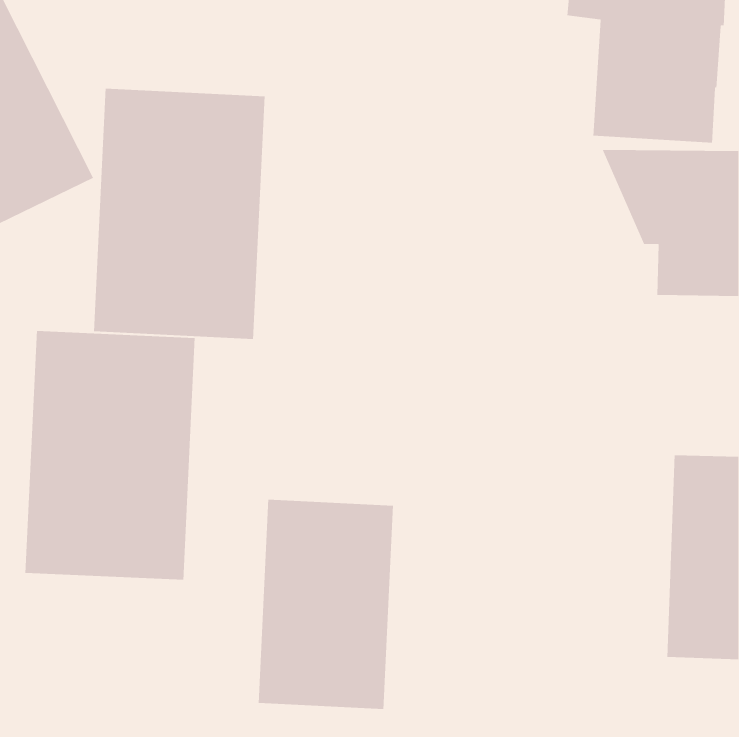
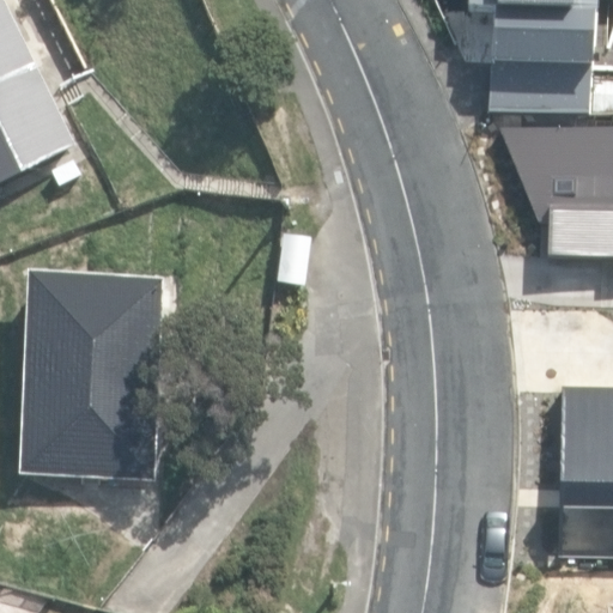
building: [93,88,265,340] -> none
building: [258,499,394,710] -> none

